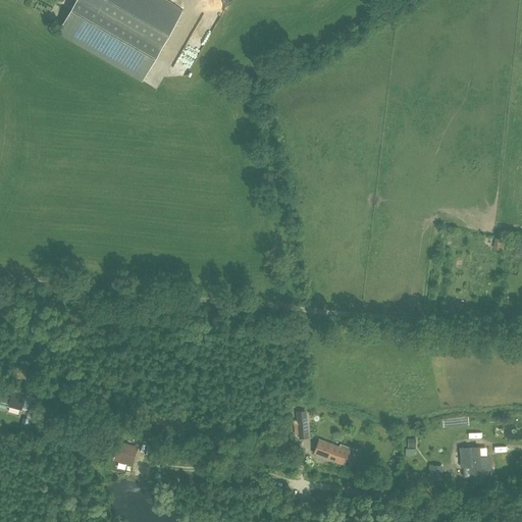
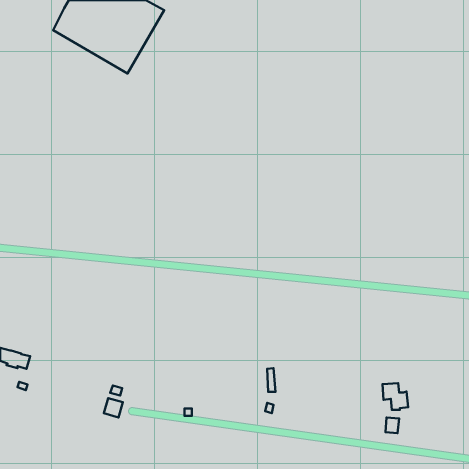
building: [314,438,354,463] -> none
building: [462,448,490,477] -> [383,383,408,410]

